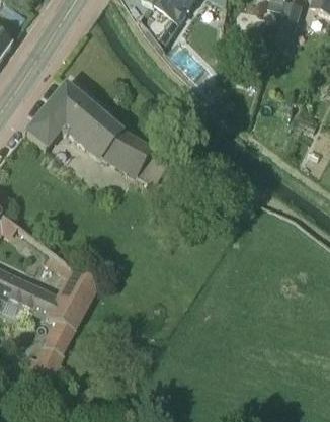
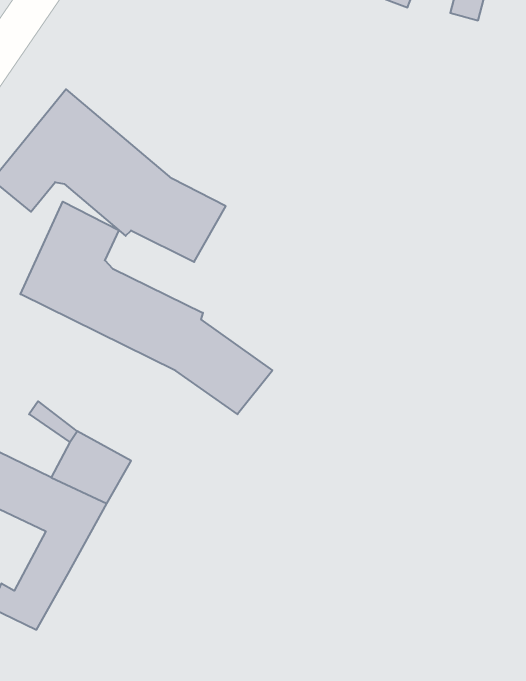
building: none -> [20,202,272,414]

